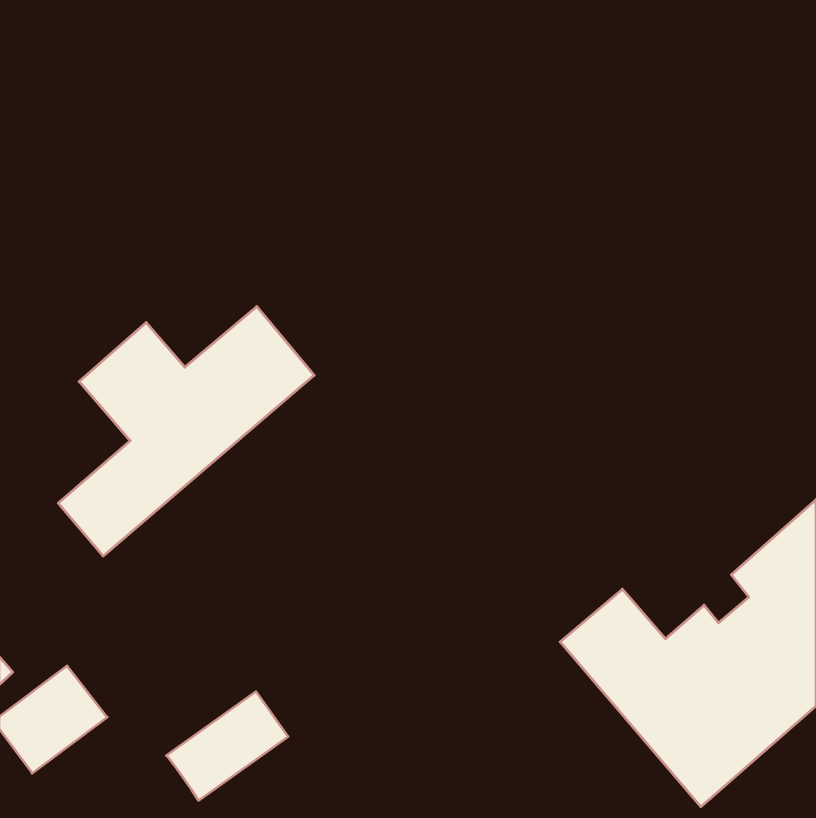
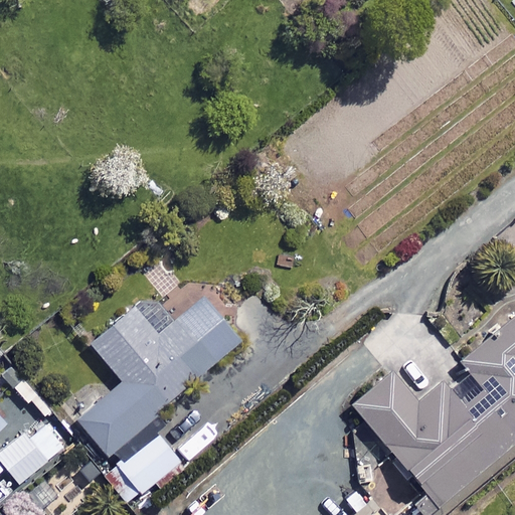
building: [58,306,314,556] -> [79,297,240,454]

